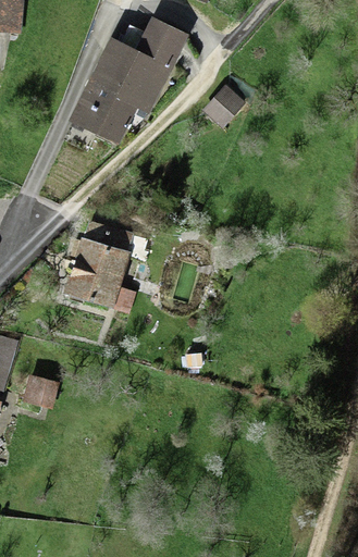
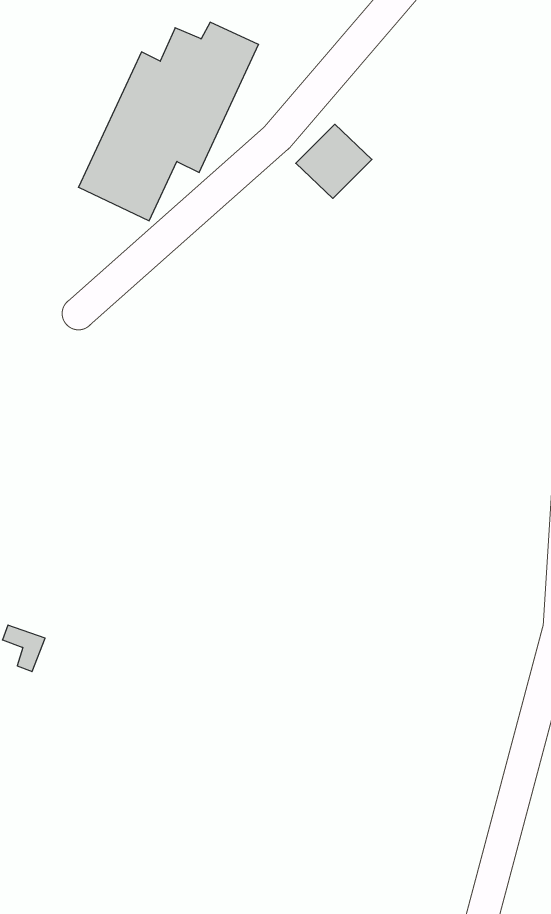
building: [69,221,150,307] -> none

